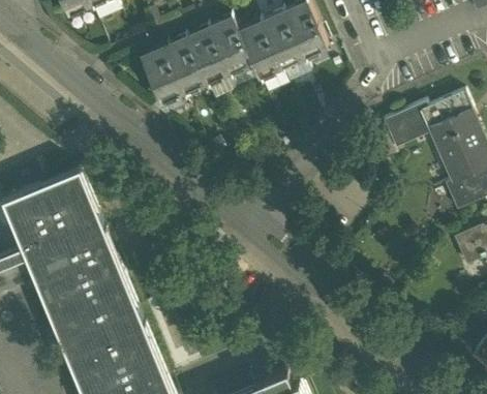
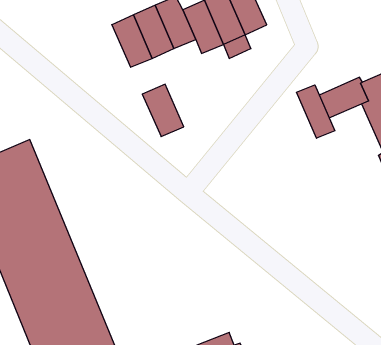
building: [141,46,184,100] -> [142,84,184,137]
building: none -> [297,85,335,138]

